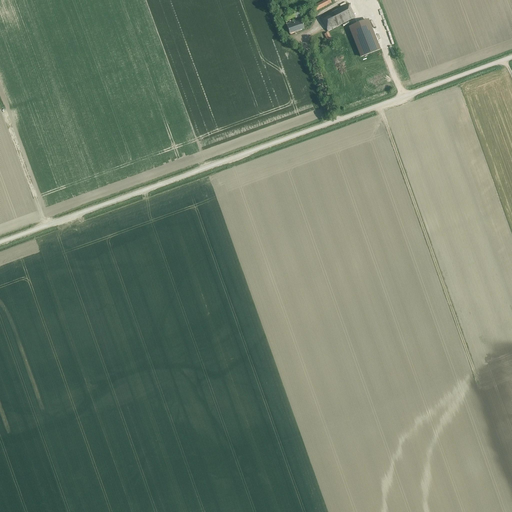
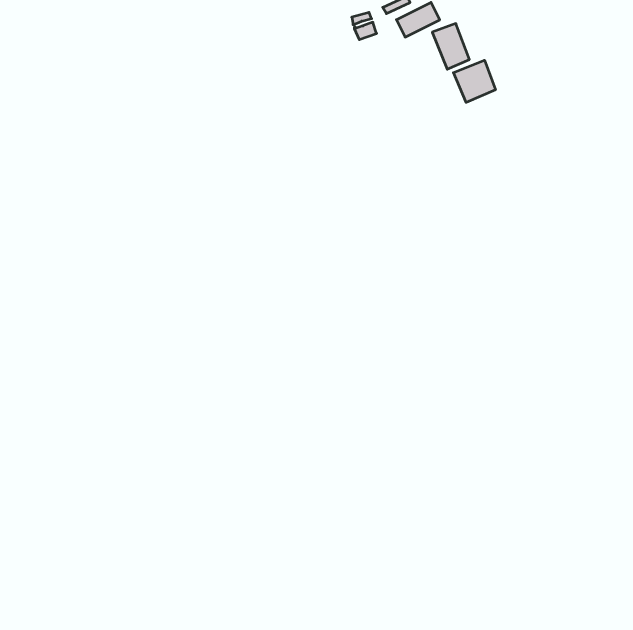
building: none -> [453,60,495,102]

